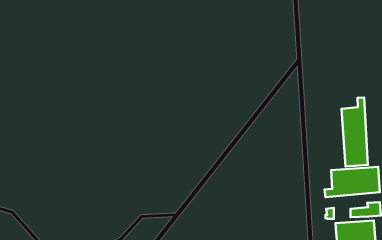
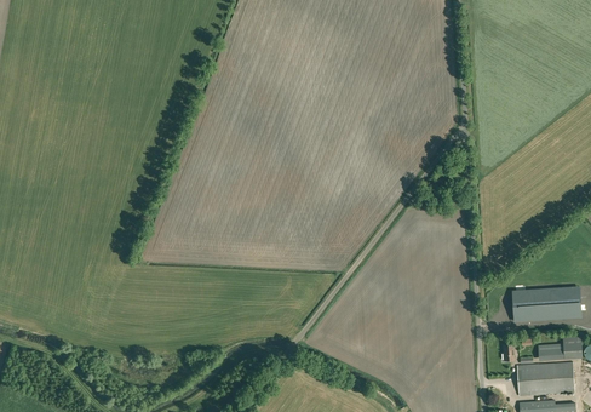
building: [341,98,368,166] -> none

